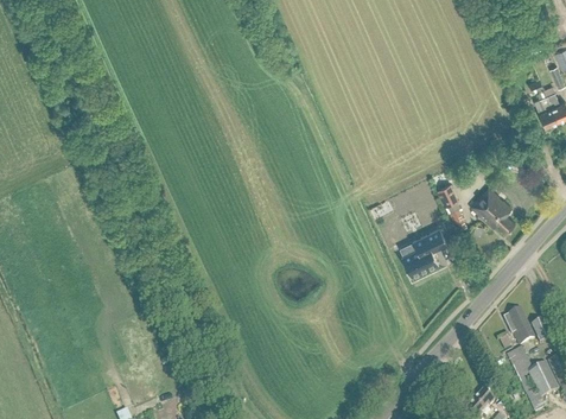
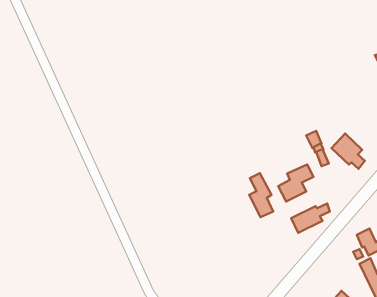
building: none -> [249,173,273,217]
building: none -> [291,203,330,233]

